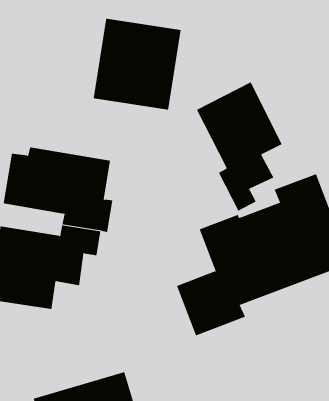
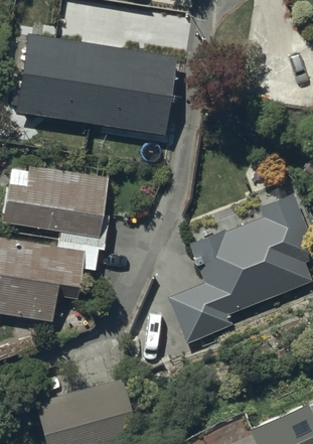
building: none -> [17,33,101,121]
building: [196,81,283,211] -> none

